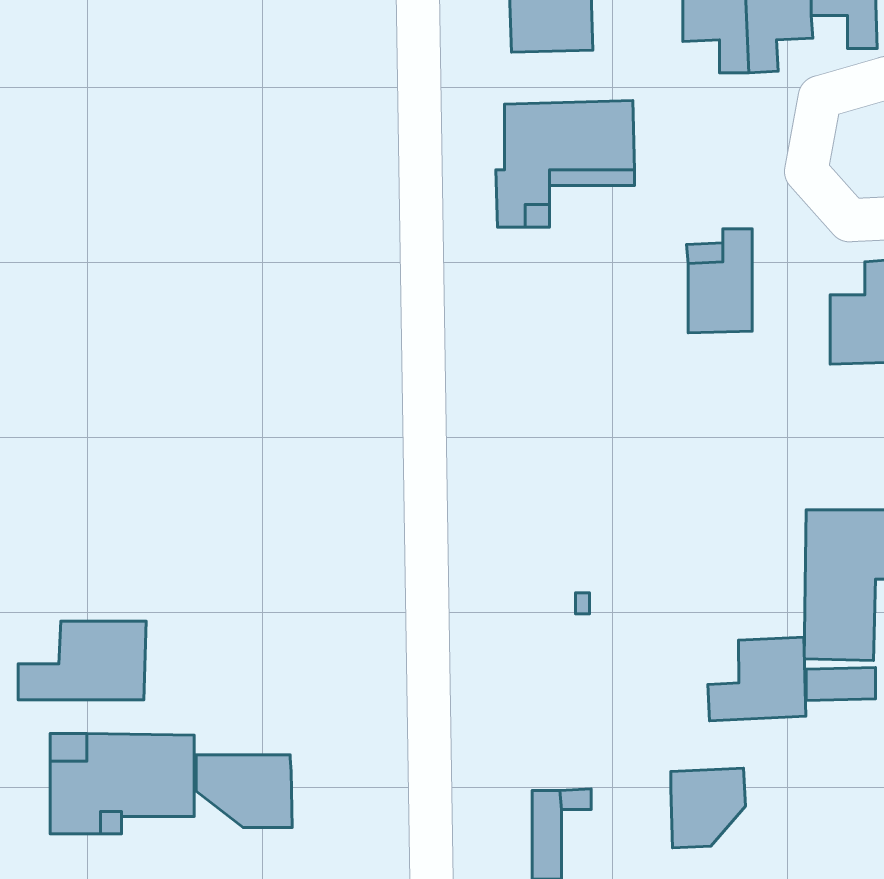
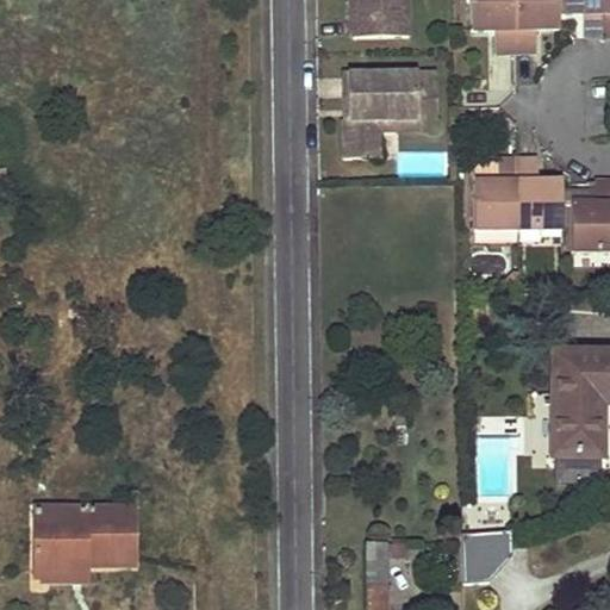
building: none -> [518,157,562,228]
building: [18,621,146,700] -> none
building: [708,637,806,721] -> none
building: [196,755,292,828] -> none

